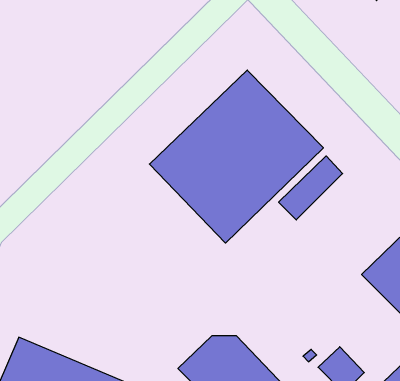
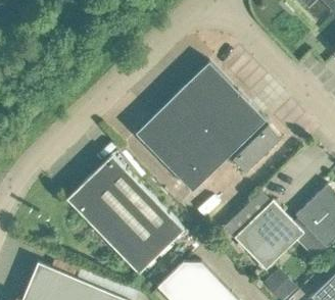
building: none -> [66,155,184,273]
building: none -> [235,200,303,269]

